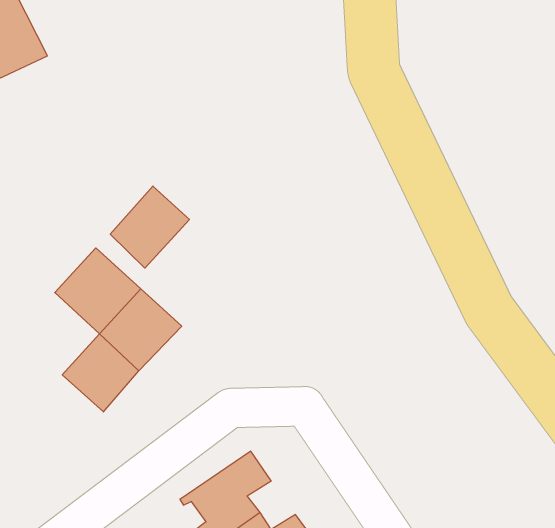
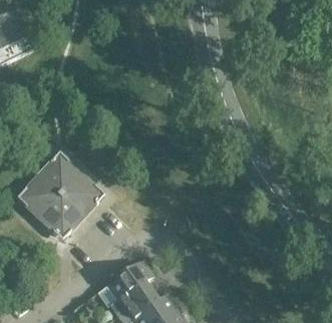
building: [110,186,189,268] -> none
building: none -> [16,176,60,220]

